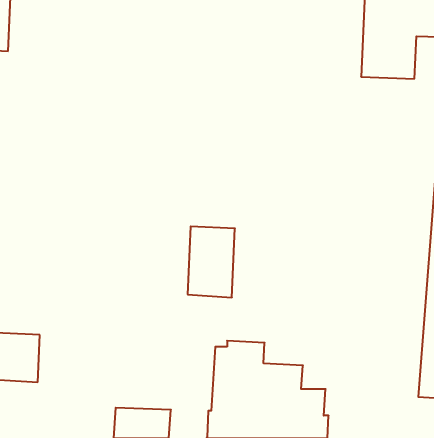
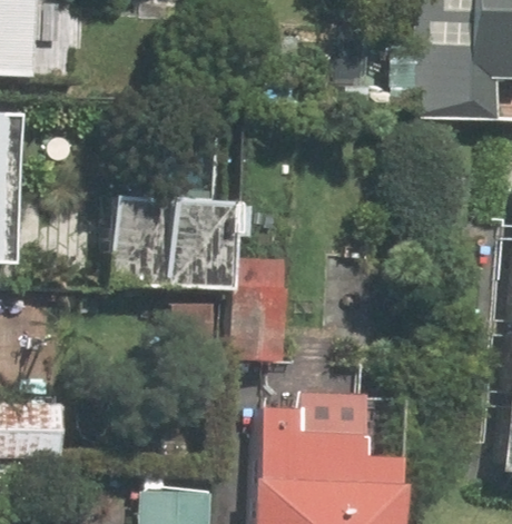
building: none -> [111,198,221,285]

